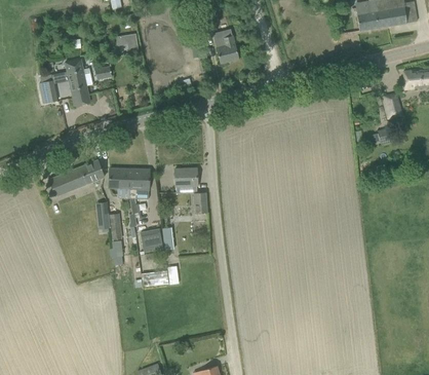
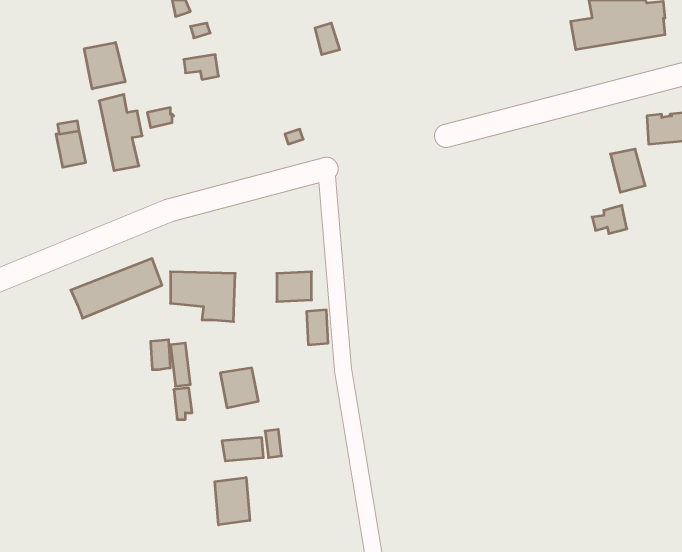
building: none -> [84,42,125,89]
building: [213,29,239,64] -> none
building: none -> [215,477,250,525]

